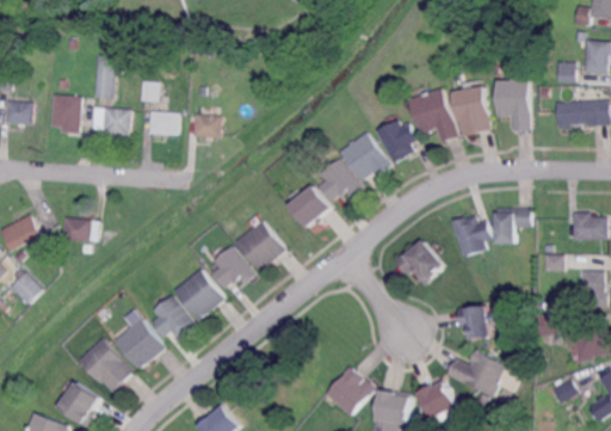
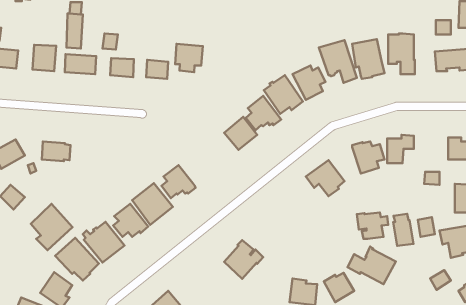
building: none -> [175,44,203,72]
building: [234,220,285,271] -> none
building: none -> [31,204,72,250]
building: none -> [393,214,413,246]
building: [325,367,374,415] -> [224,240,263,279]

